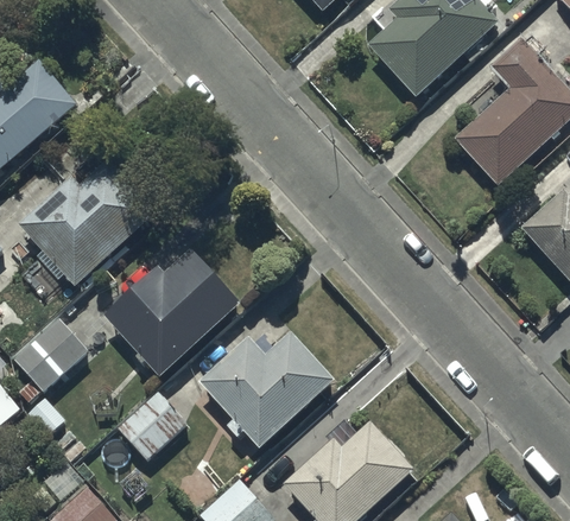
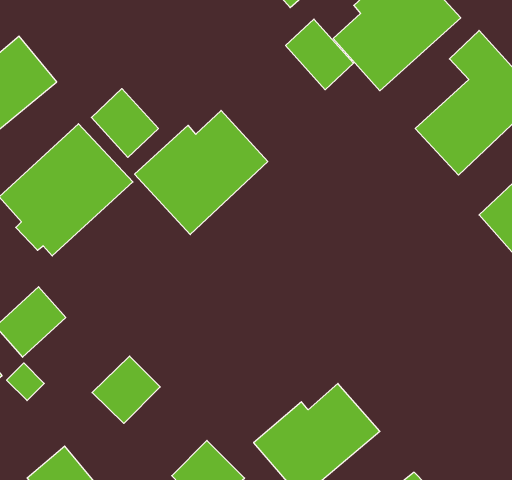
building: none -> [286,19,354,90]
building: none -> [91,89,158,157]
building: [102,244,241,374] -> [135,110,268,235]
building: [201,328,335,445] -> none

